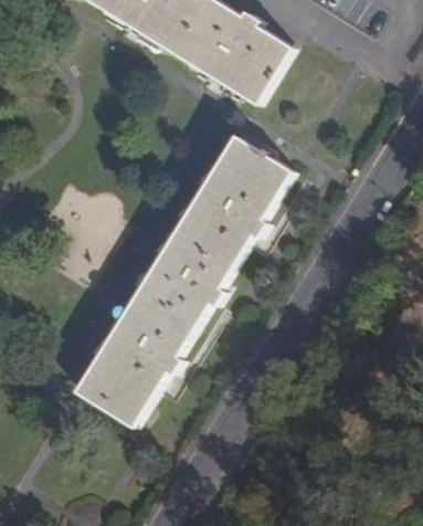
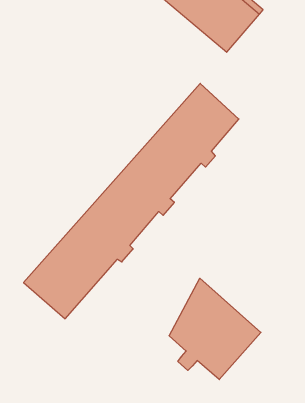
building: none -> [169,278,261,380]

